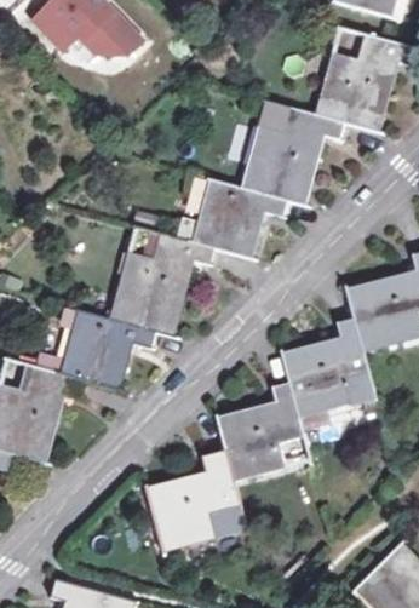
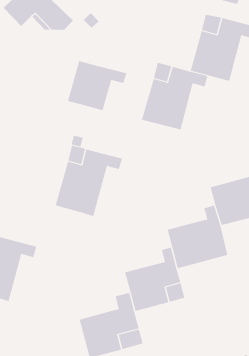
building: [195,180,286,257] -> [67,60,127,111]
building: [62,308,155,389] -> none

